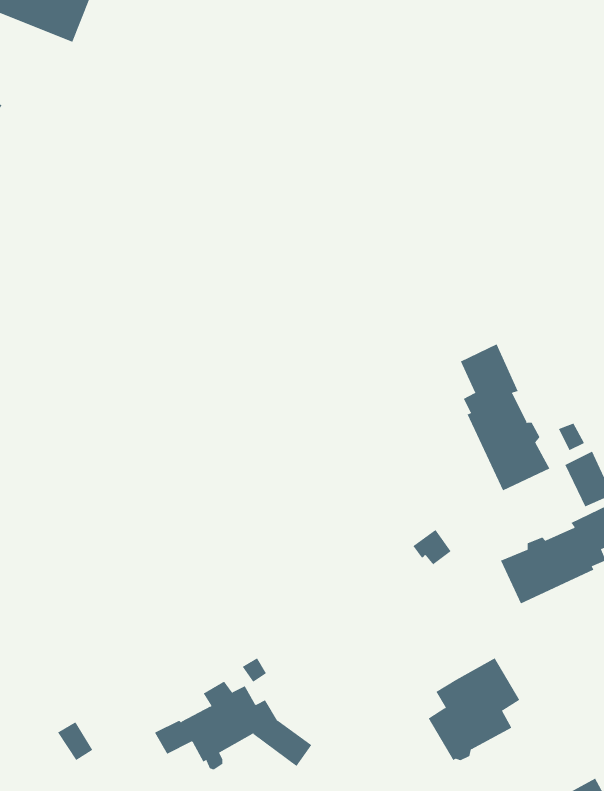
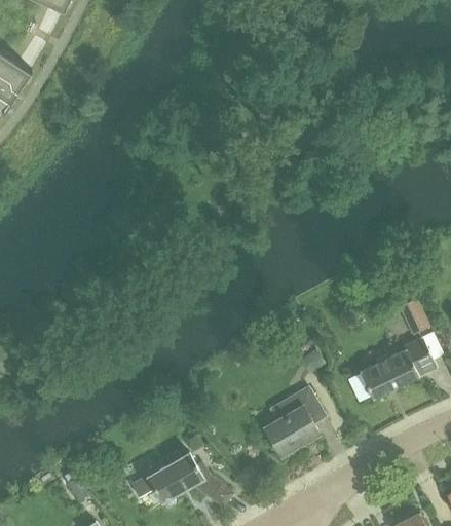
building: [460,344,550,491] -> none
building: [428,657,520,761] -> [264,386,325,454]

